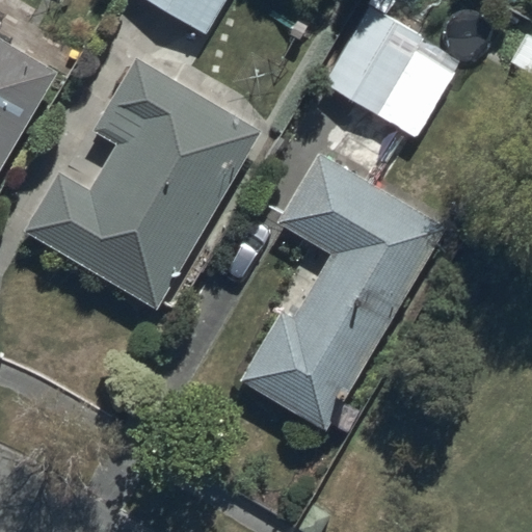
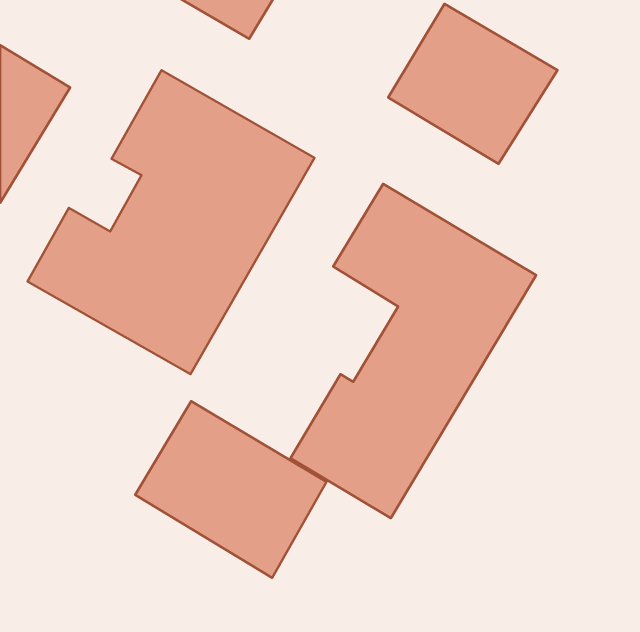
building: none -> [135,401,327,578]

